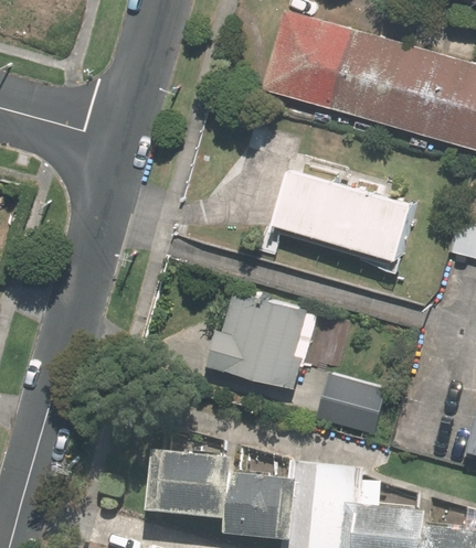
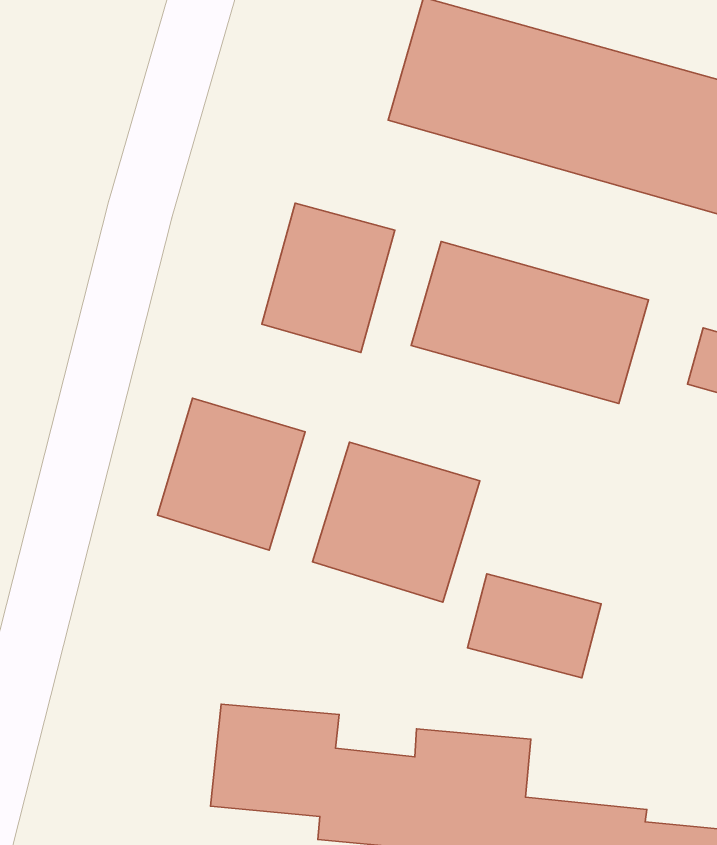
building: none -> [262,203,395,353]
building: none -> [157,398,305,550]

